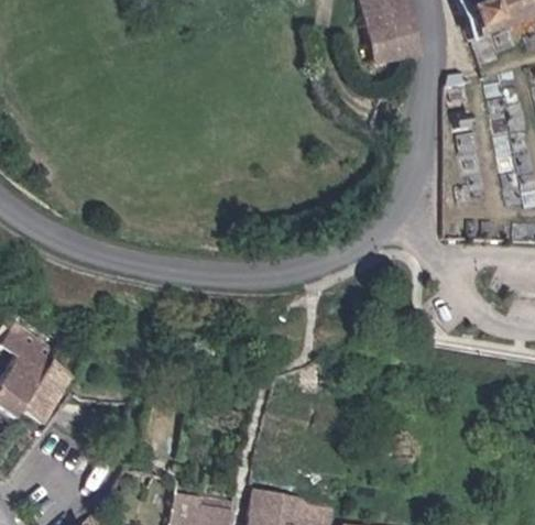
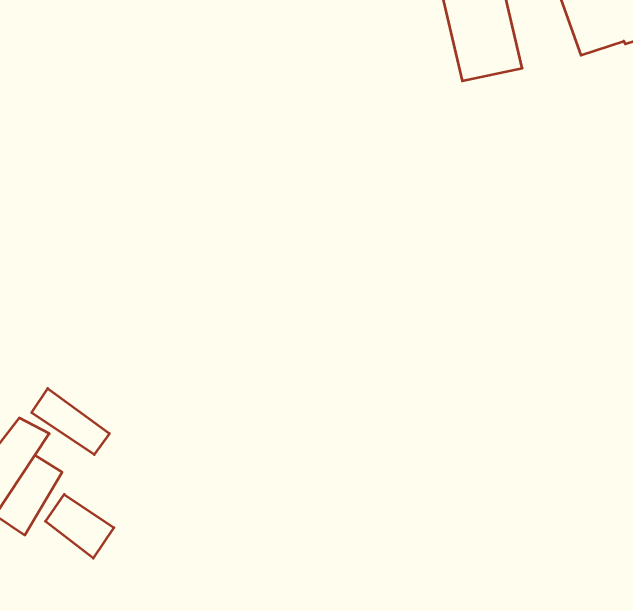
building: none -> [32,388,109,455]
building: none -> [45,494,114,558]

